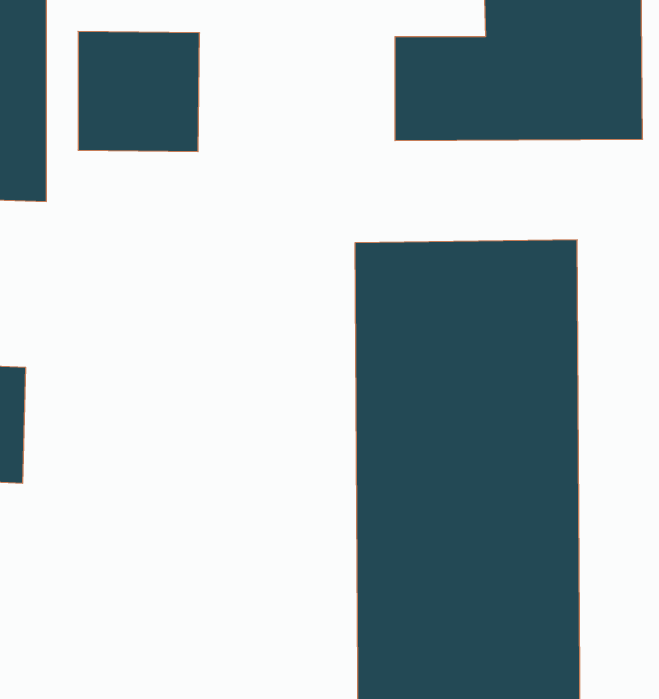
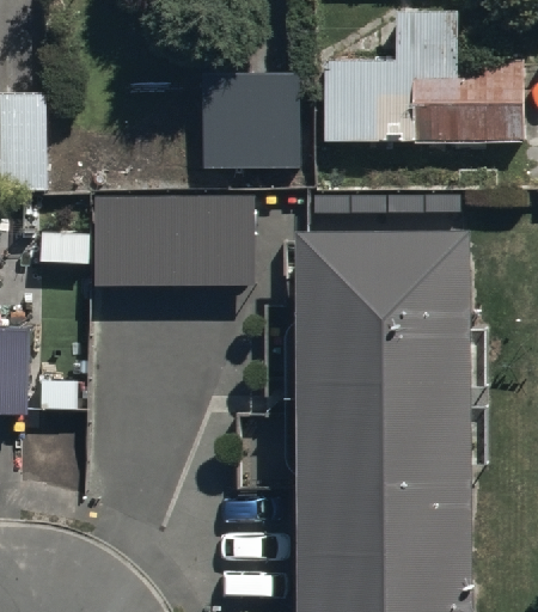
building: [78,31,200,152] -> [202,72,300,169]
building: none -> [93,201,253,290]

